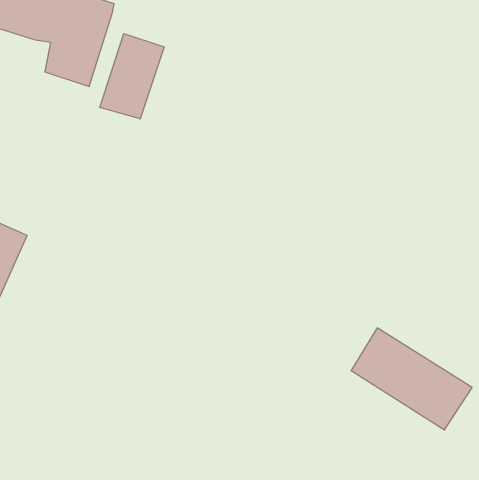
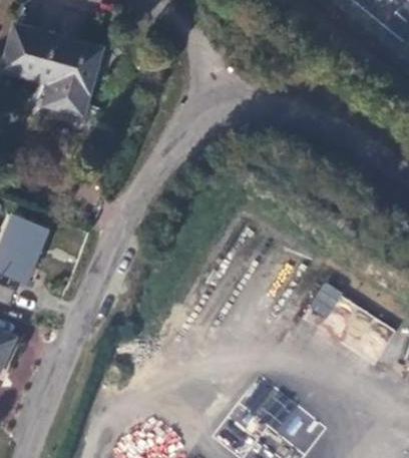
building: [100,34,164,119] -> none

